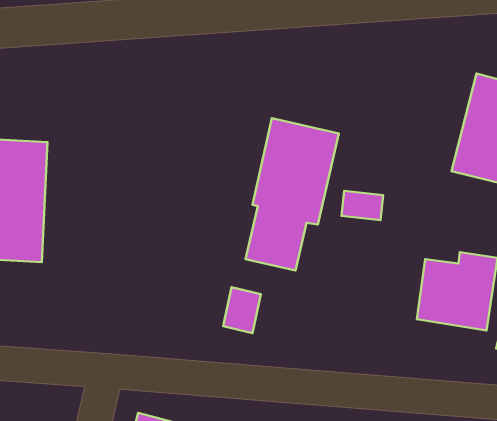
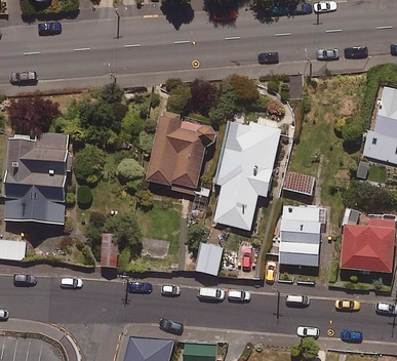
building: none -> [142,111,211,195]
building: none -> [276,204,325,267]

